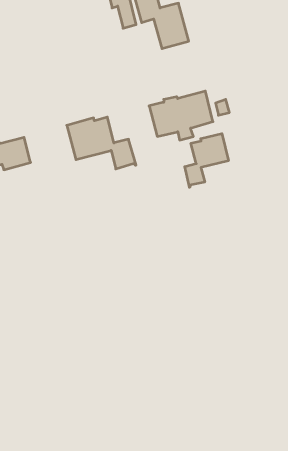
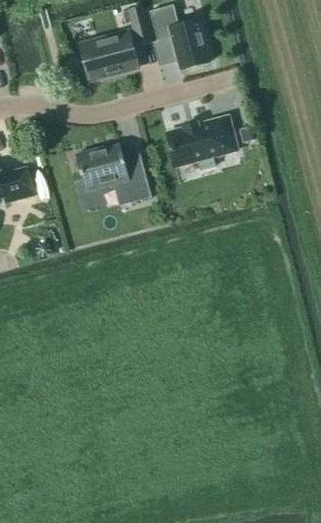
building: none -> [80,31,137,81]
building: [185,134,228,187] -> none

